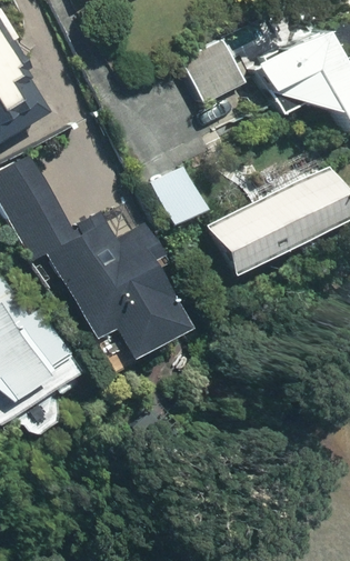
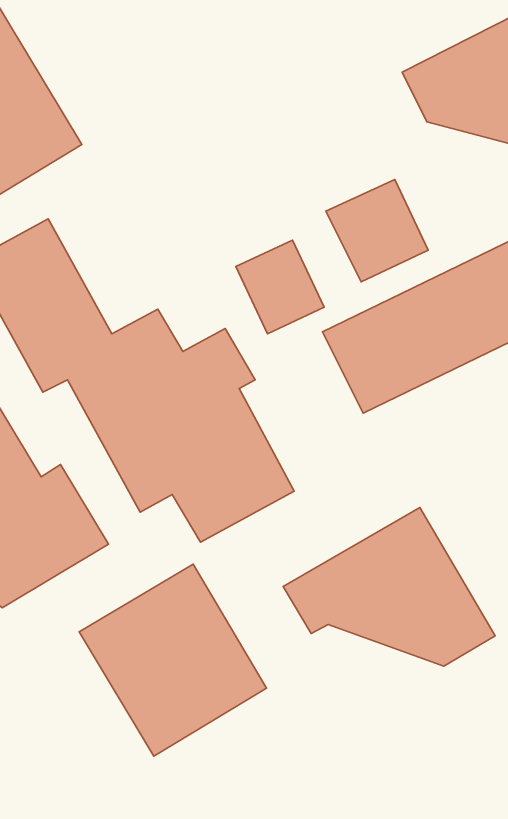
building: [183,40,248,104] -> [326,179,428,282]
building: none -> [283,507,495,666]
building: none -> [79,564,266,756]

